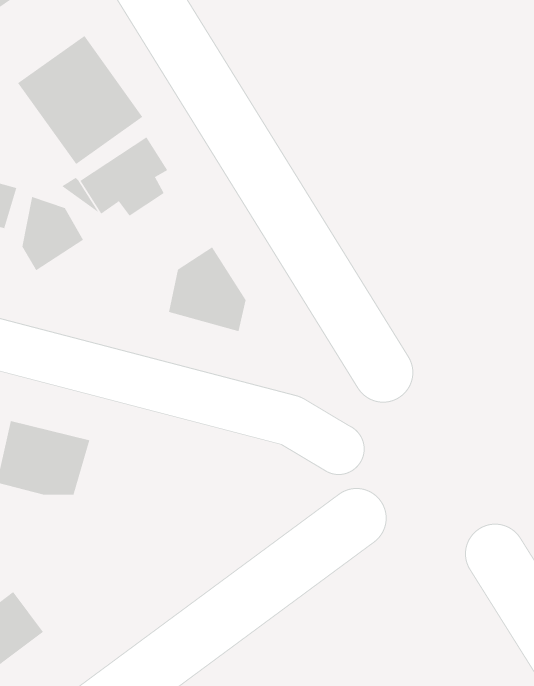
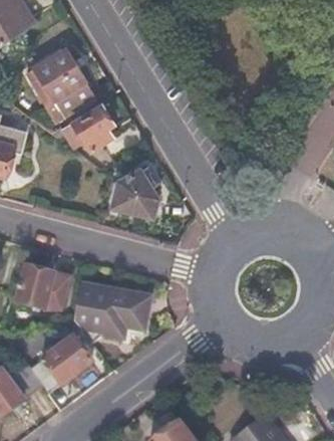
building: [22,196,84,271] -> none
building: none -> [72,283,150,345]
building: none -> [41,336,92,385]

